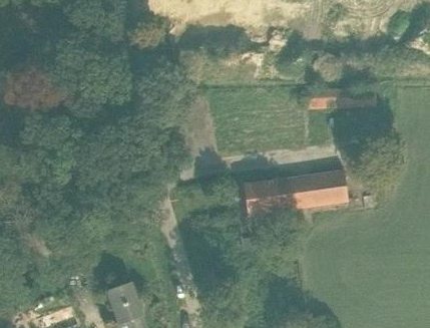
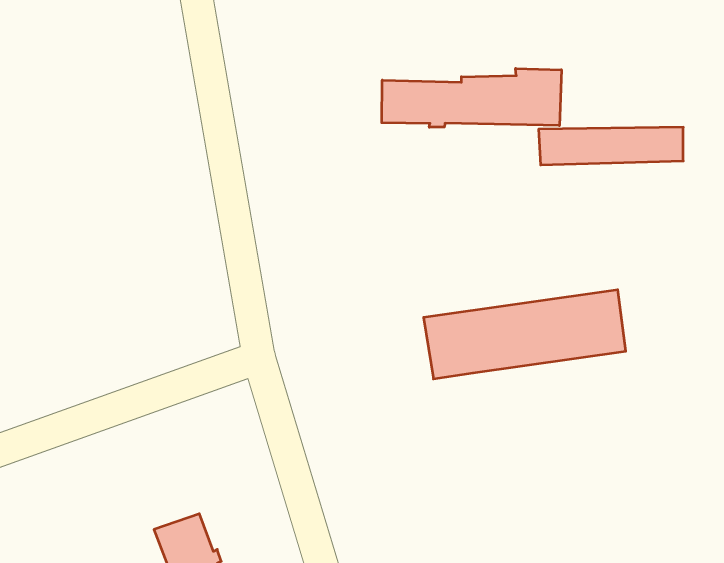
building: none -> [382,68,561,127]

